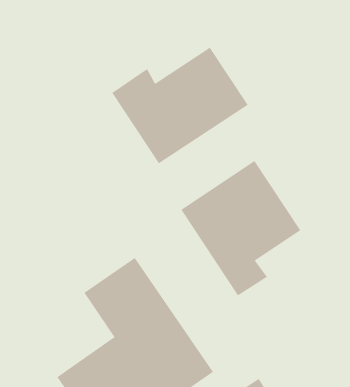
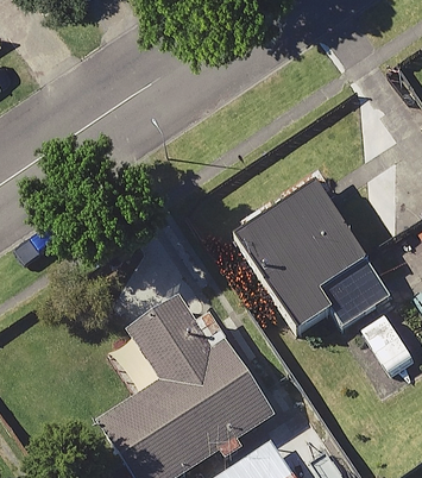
building: [111,47,249,164] -> none

